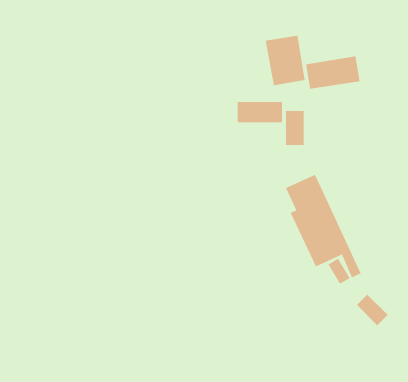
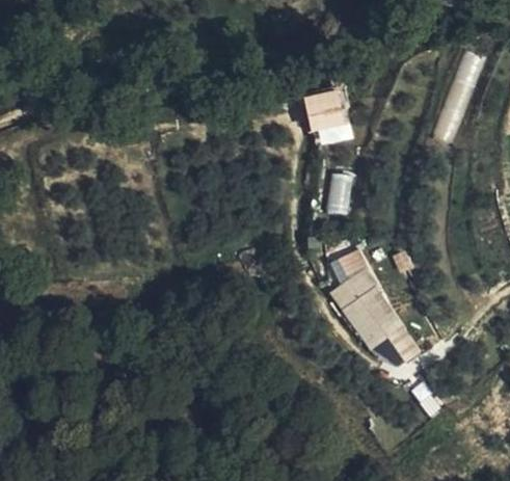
building: [306,55,360,90] -> none
building: [237,101,282,123] -> none

